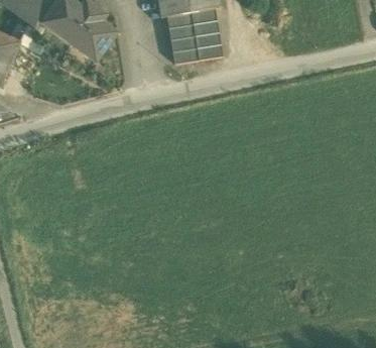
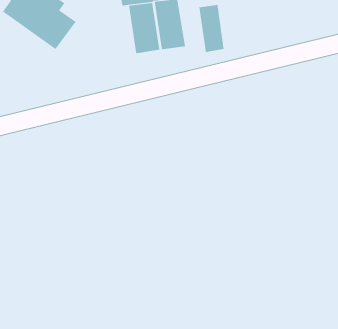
building: none -> [199,4,224,53]

